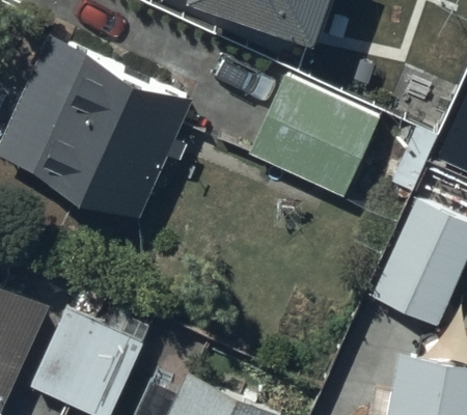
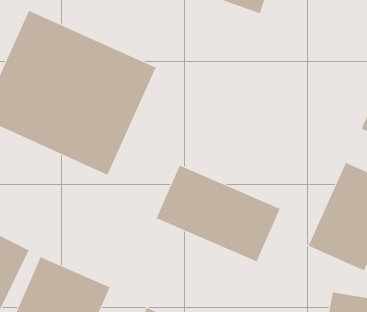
building: [248,76,377,196] -> none
building: none -> [156,165,281,262]

